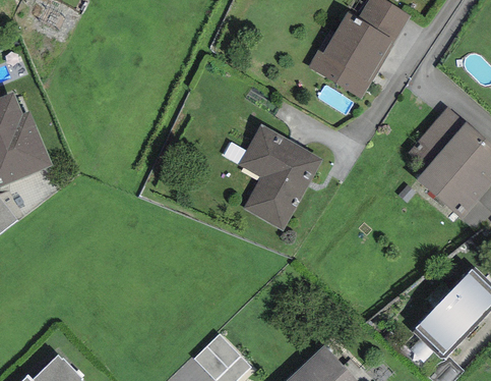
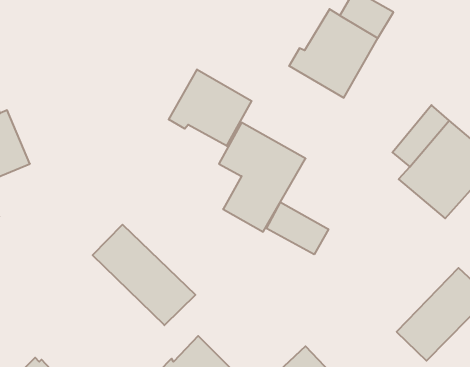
building: none -> [169,69,252,146]
building: none -> [266,202,328,254]
building: none -> [93,225,195,325]

